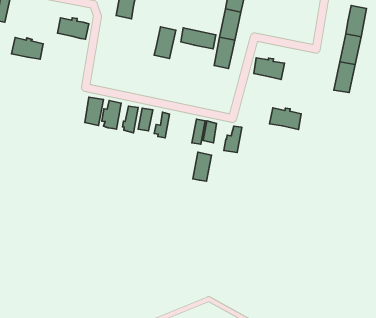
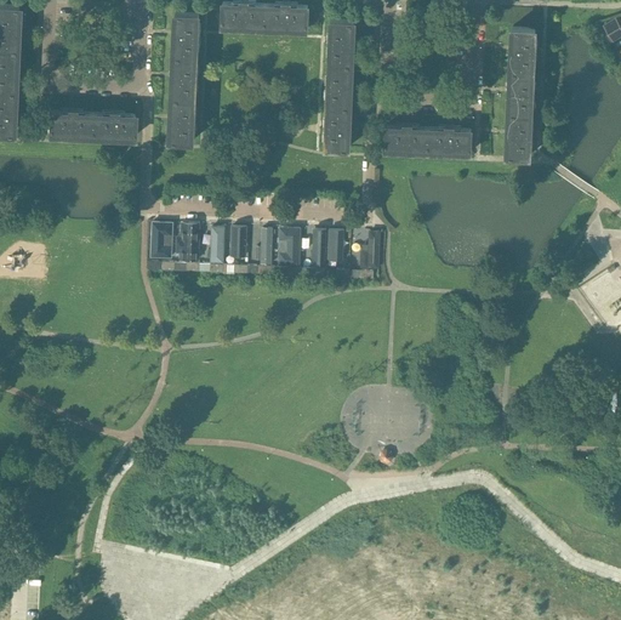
building: [154,27,176,58] -> [170,99,195,143]
building: [181,28,216,49] -> none
building: [12,38,43,59] -> [49,110,92,138]
building: [269,108,301,129] -> [427,127,471,155]
building: [193,152,212,181] -> [279,229,301,269]

